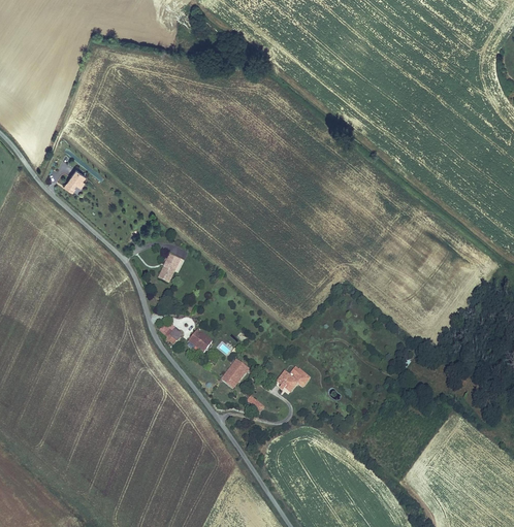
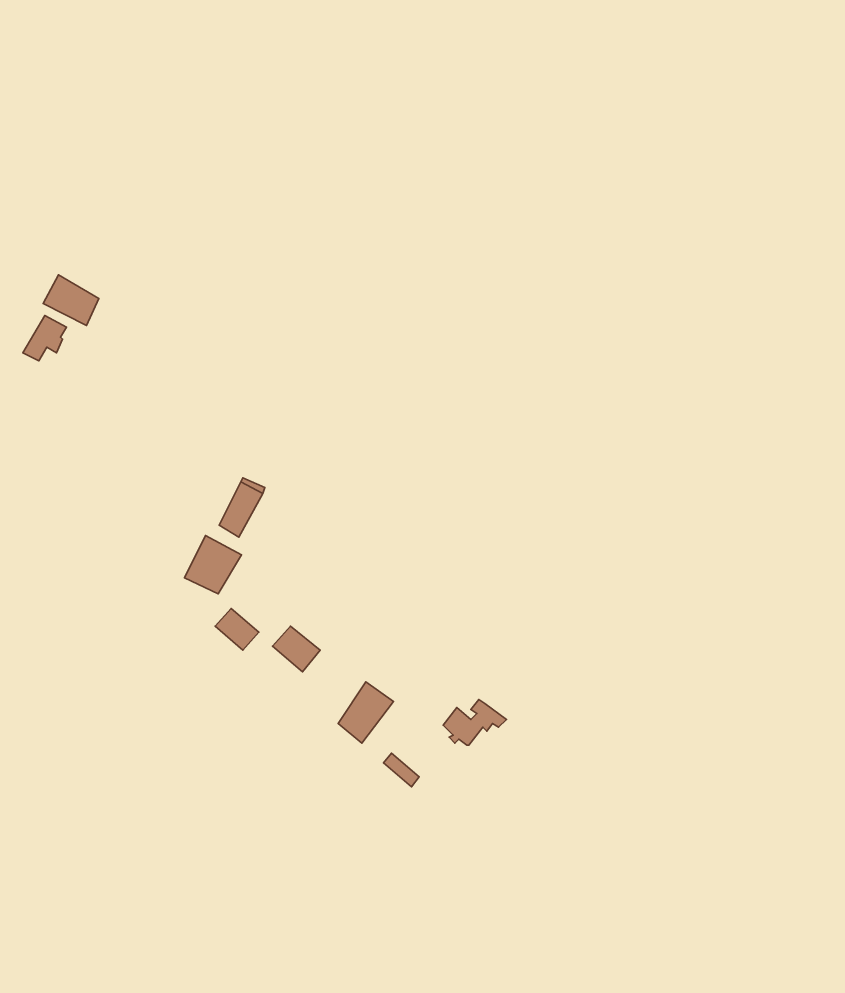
building: none -> [43,275,99,325]
building: none -> [185,535,241,594]

